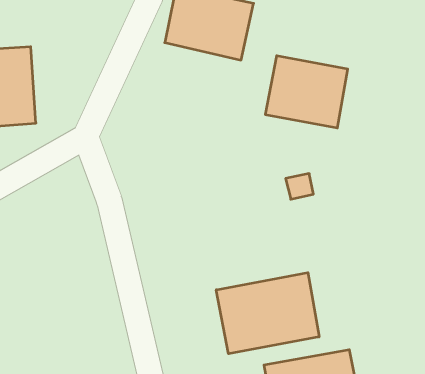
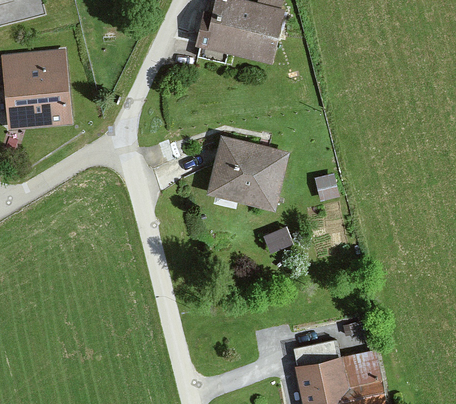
building: [265,56,348,128] -> [204,135,284,205]
building: [216,273,319,354] -> none

